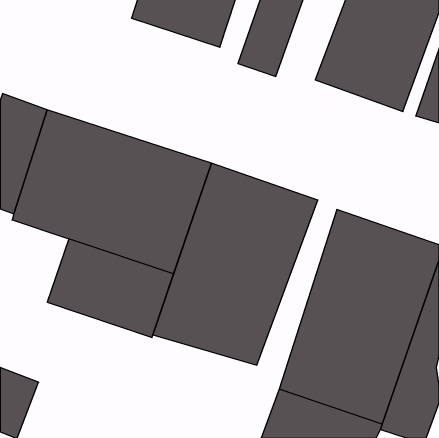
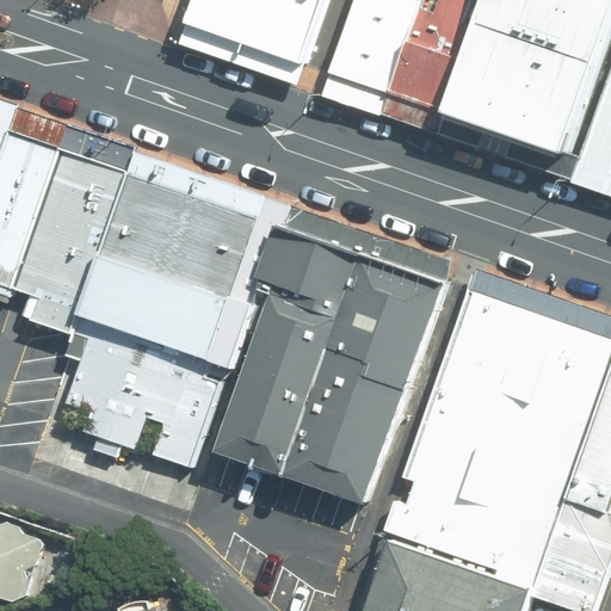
building: none -> [383,7,470,125]

